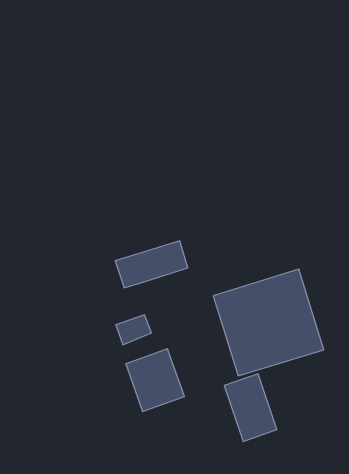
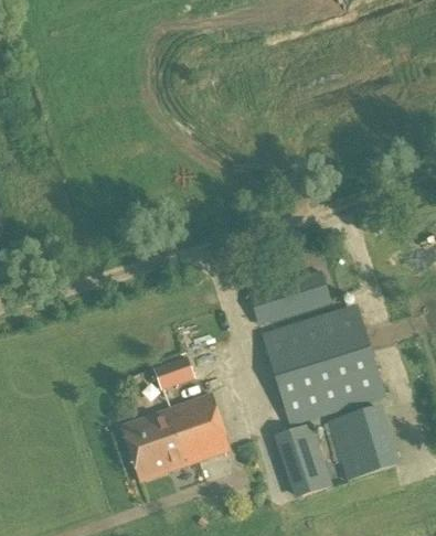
building: [115,241,188,288] -> [248,270,329,322]
building: none -> [328,405,396,480]
building: none -> [119,410,183,480]

